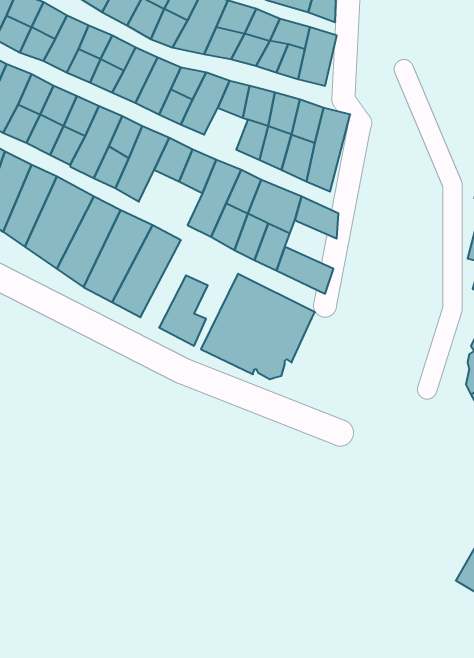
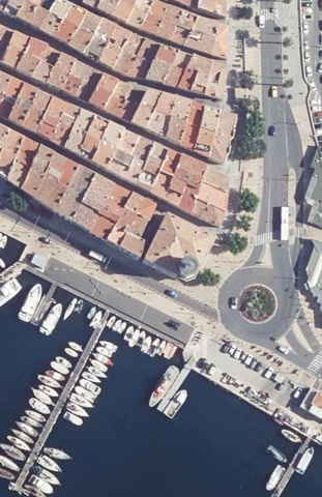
building: none -> [146,110,173,136]
building: none -> [106,148,145,182]
building: none -> [196,179,228,209]
building: none -> [107,192,155,245]

